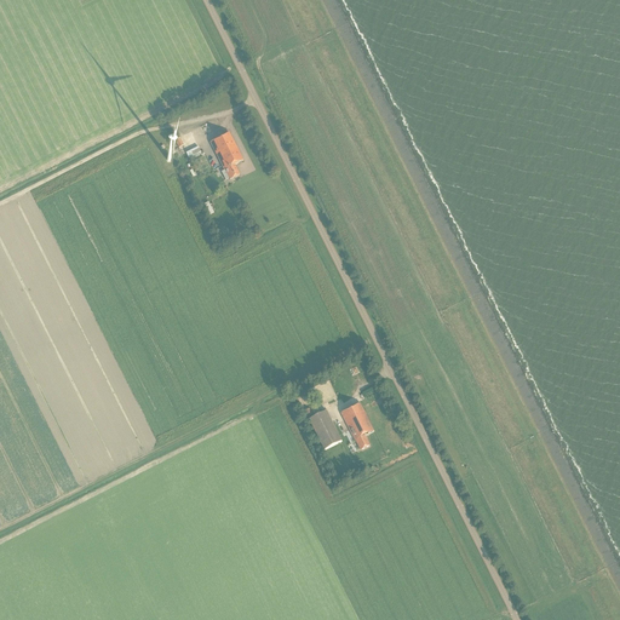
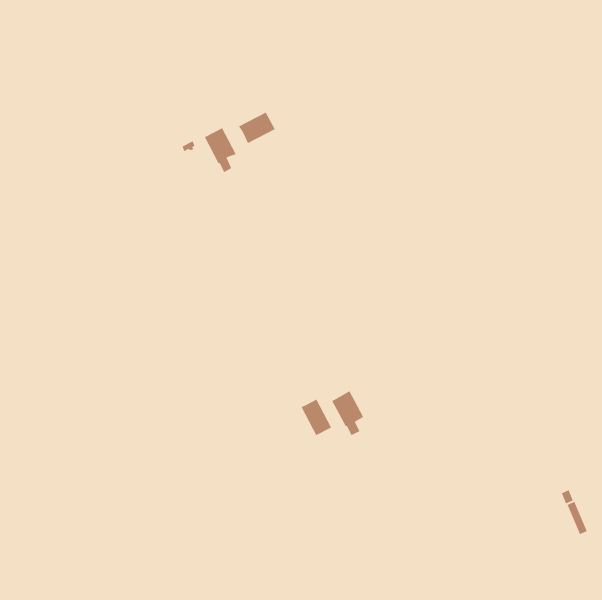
building: none -> [238,111,276,144]

